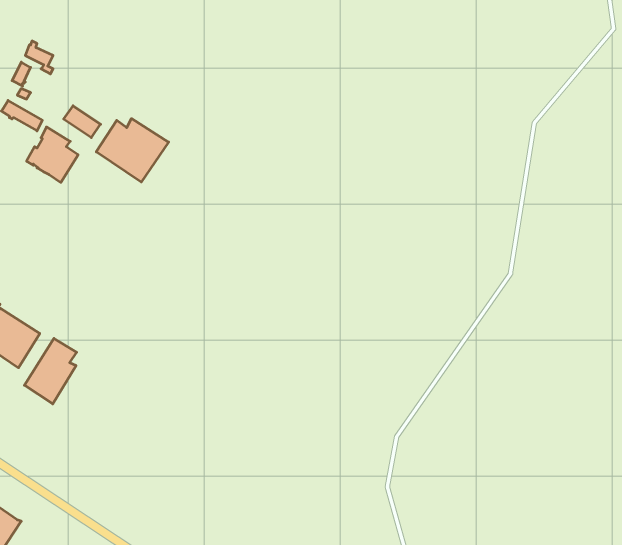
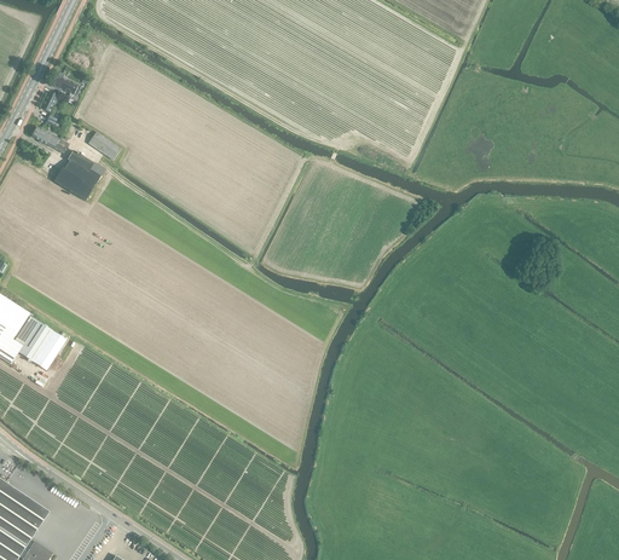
building: [96,119,169,182] -> none
building: [24,338,77,404] -> none

